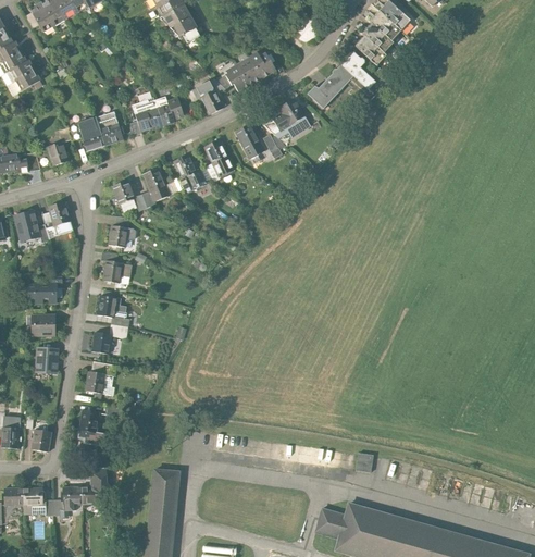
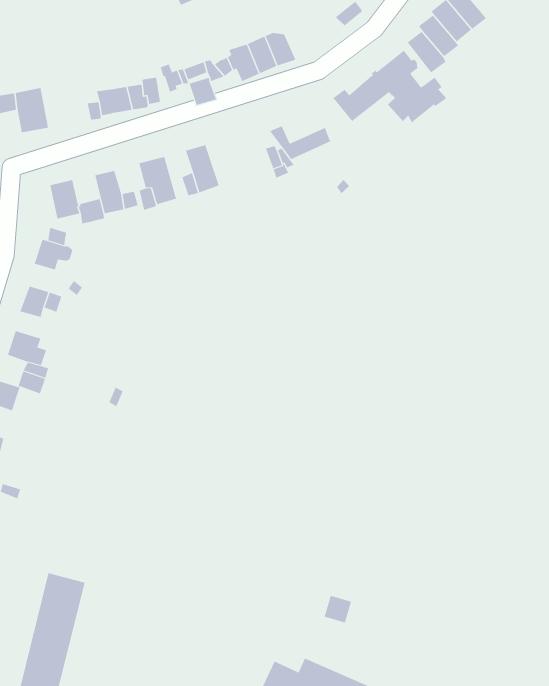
building: [273,98,304,131] -> none
building: [95,111,123,145] -> none
building: [235,124,264,158] -> none

